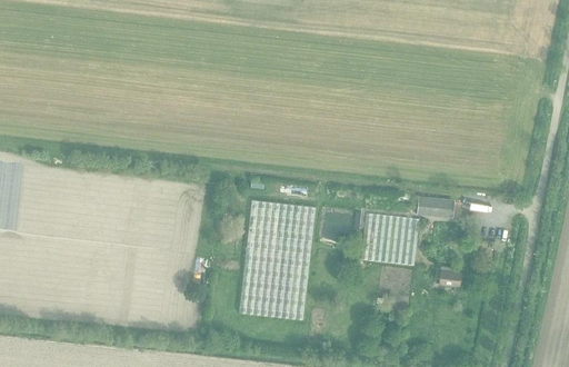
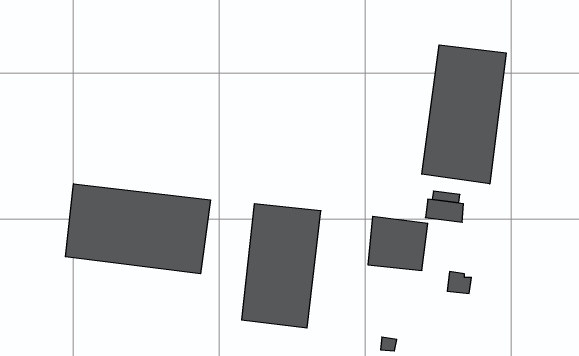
building: none -> [422,45,506,184]
building: none -> [65,184,210,274]

